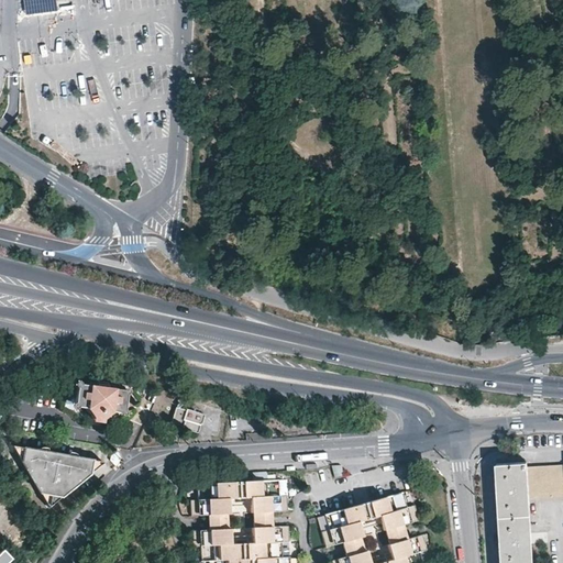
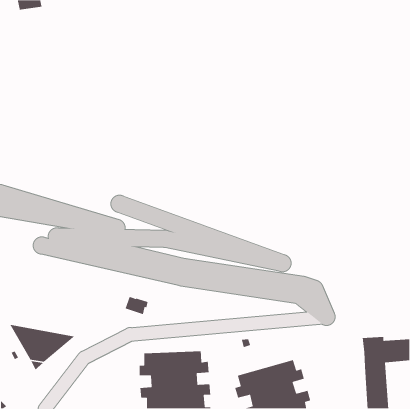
building: [73,376,129,418] -> none

